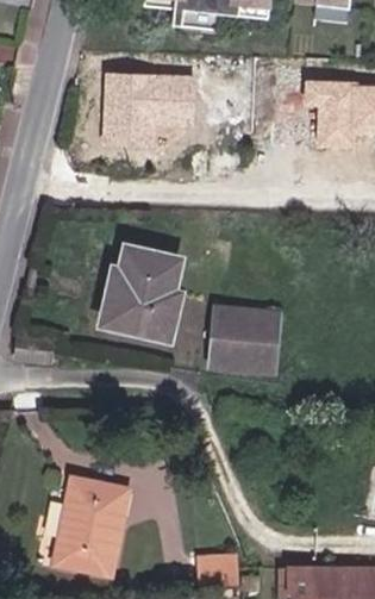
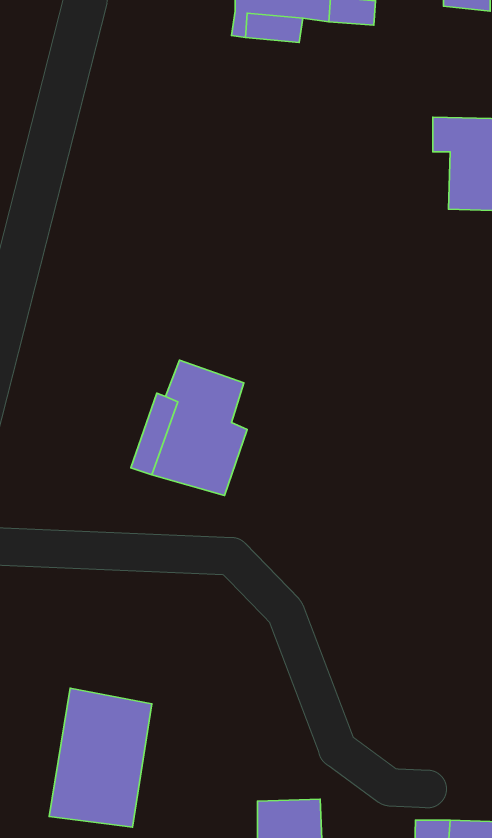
building: [105,75,195,144] -> none
building: [207,306,280,373] -> none

